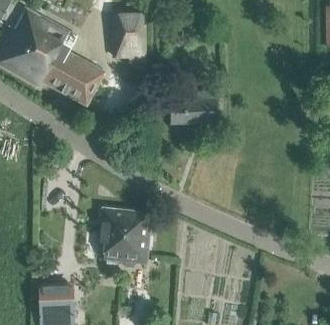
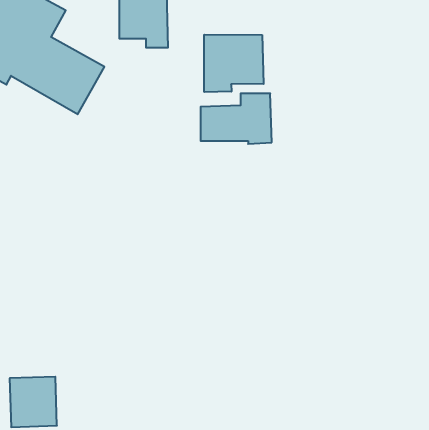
building: none -> [204,35,264,92]
building: [99,209,152,264] -> none

